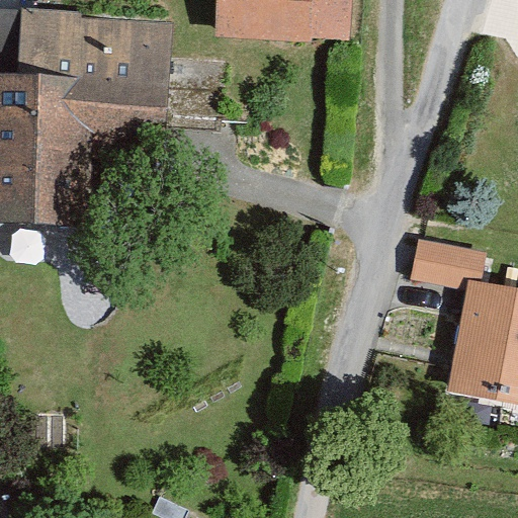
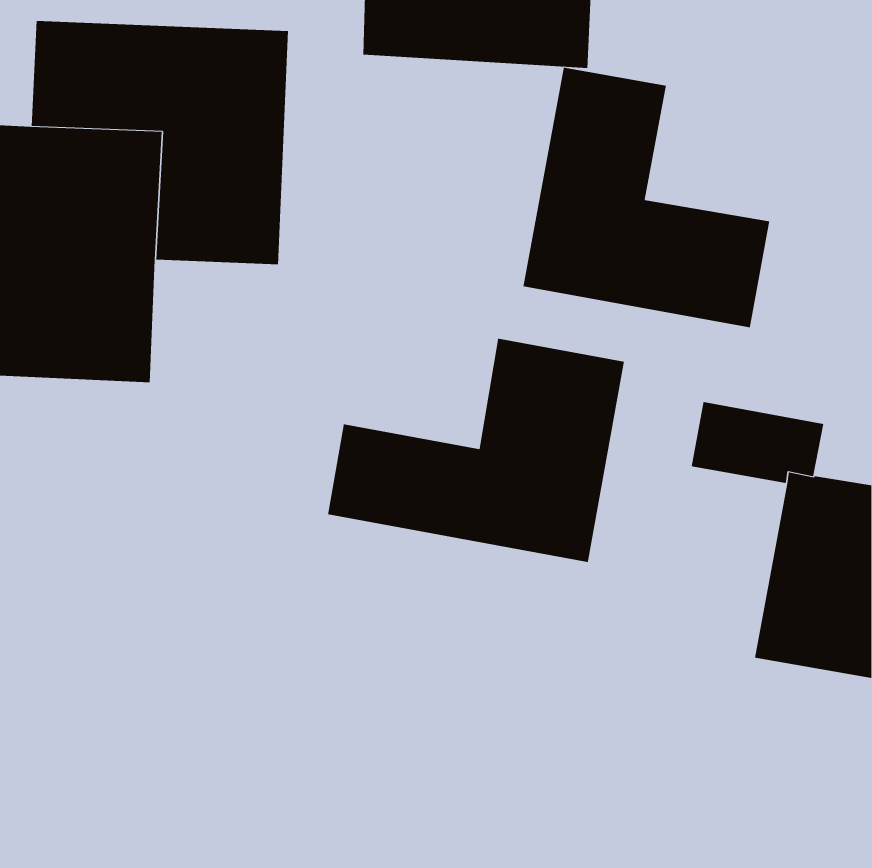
building: none -> [523,67,770,328]
building: none -> [327,338,625,563]

